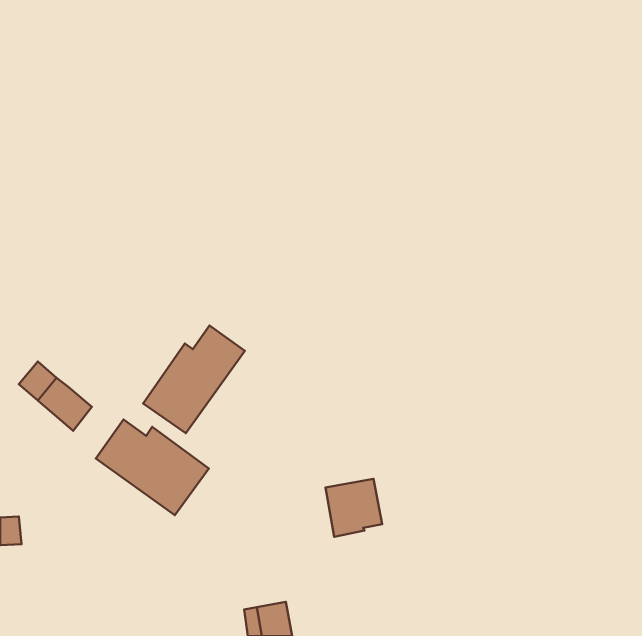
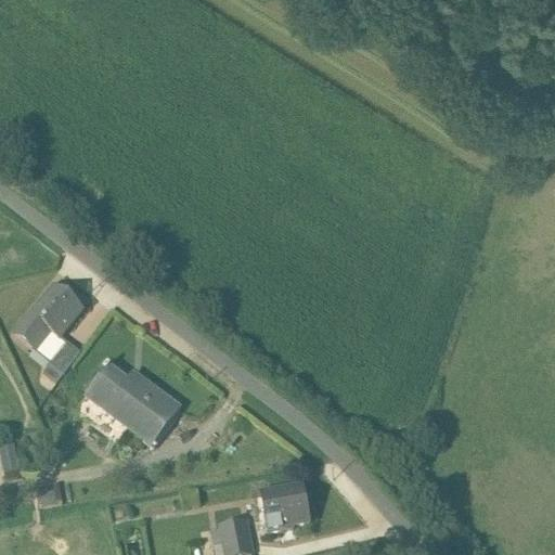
building: [143,325,245,433] -> none
building: none -> [33,284,82,333]
building: [326,479,382,537] -> [261,482,310,532]

